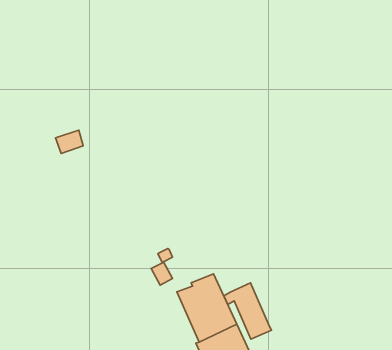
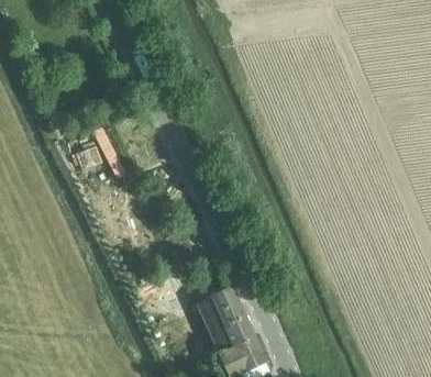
building: [224,283,272,339] -> none

